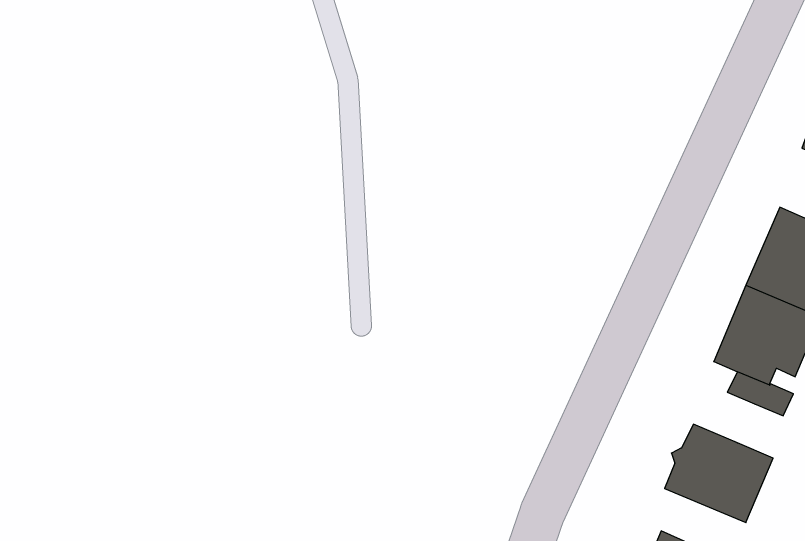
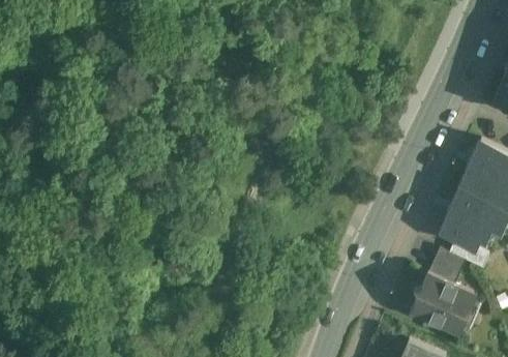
building: none -> [426,250,464,286]

